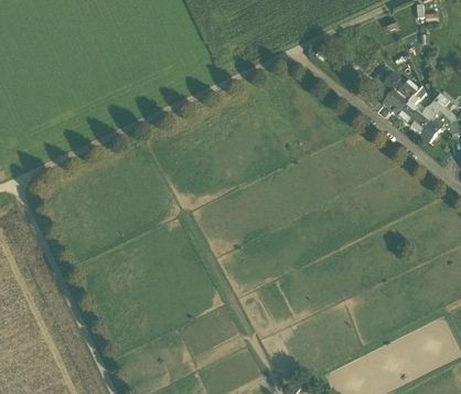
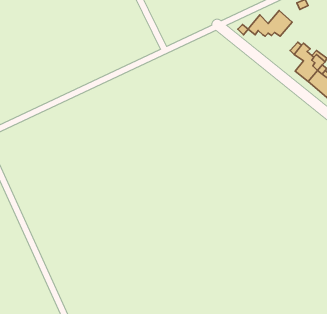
building: none -> [248,10,292,36]

